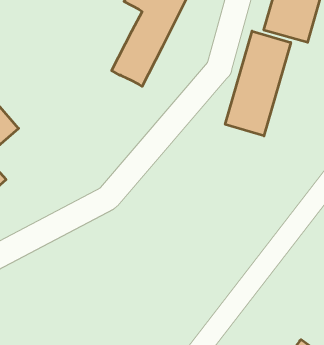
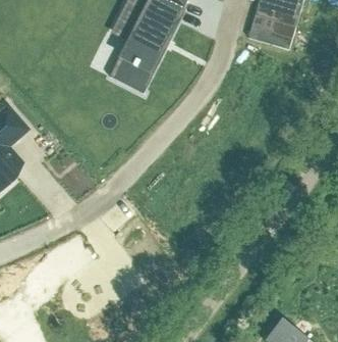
building: [225,31,291,136] -> none

